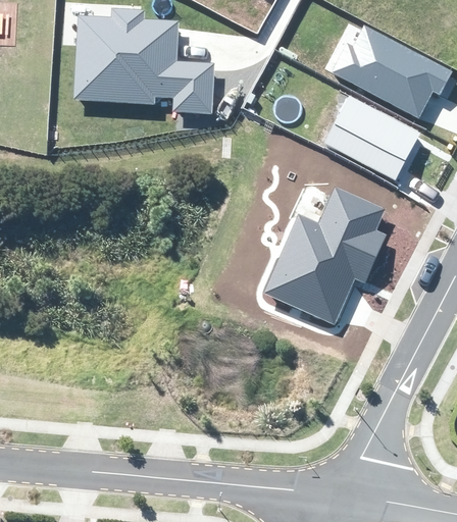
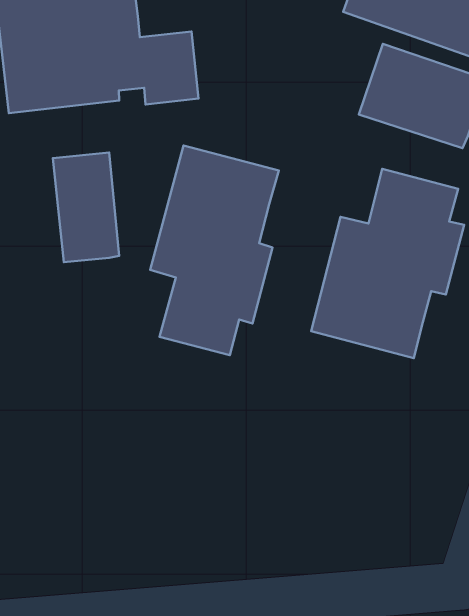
building: none -> [53,152,119,262]
building: none -> [150,145,279,355]

